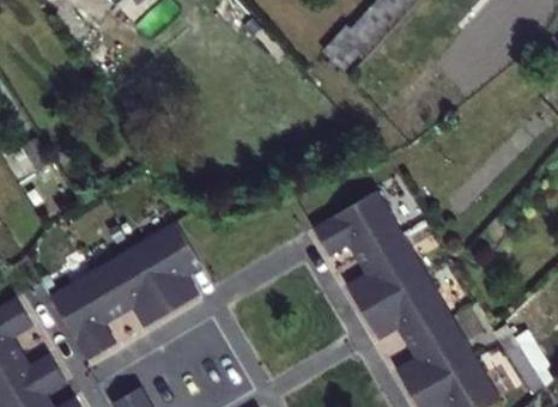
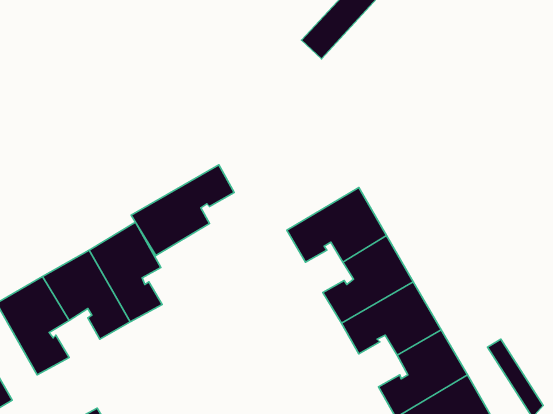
building: none -> [131,165,234,256]

